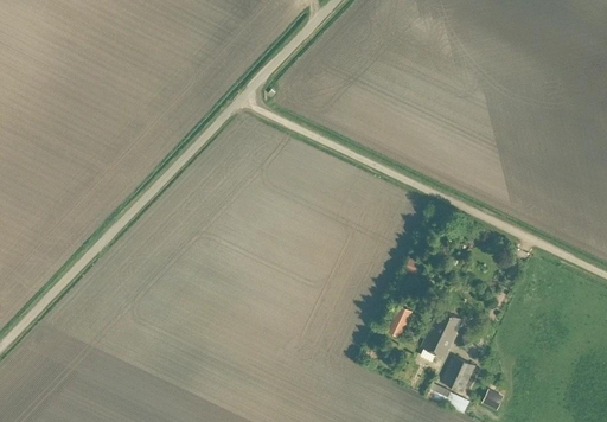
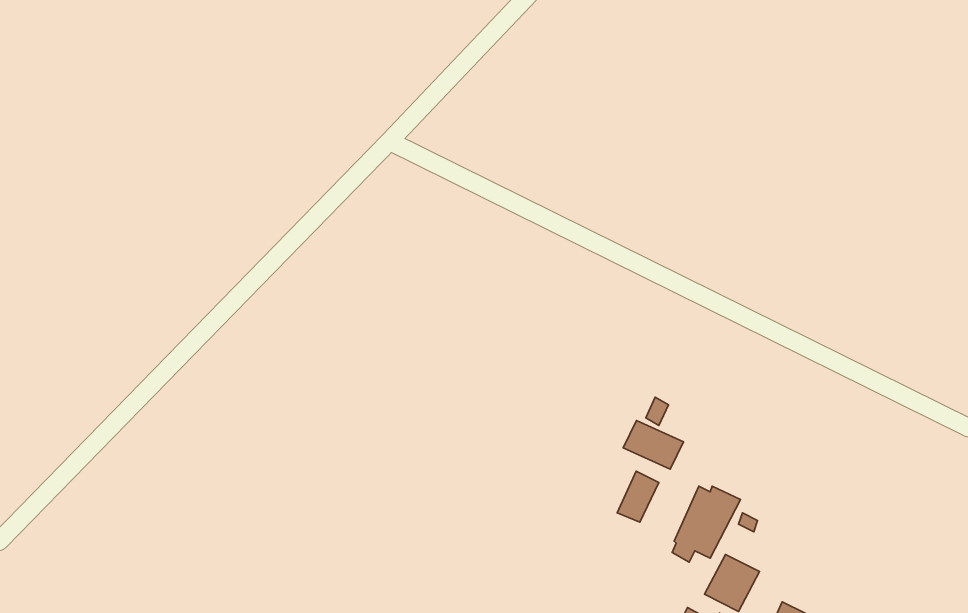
building: none -> [623,420,683,469]

